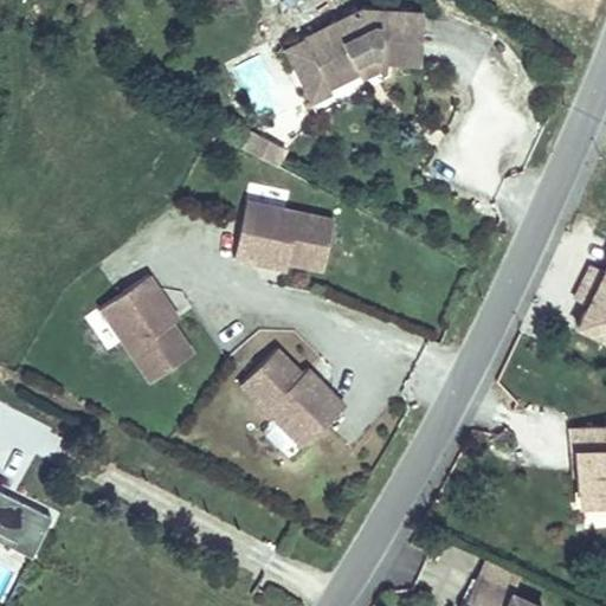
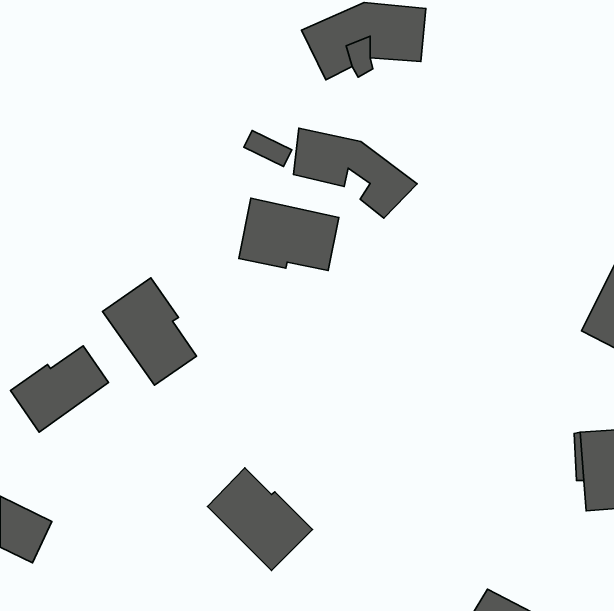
building: none -> [293,128,417,218]
building: none -> [10,346,109,432]
building: [243,348,346,449] -> [207,468,312,570]

